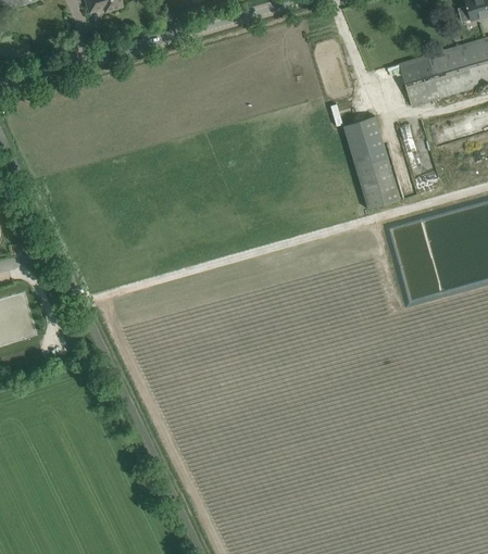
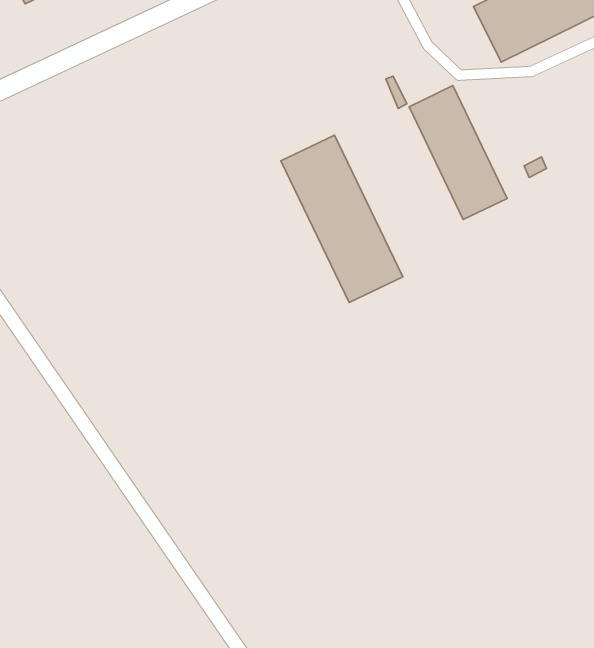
building: none -> [281,135,403,303]

